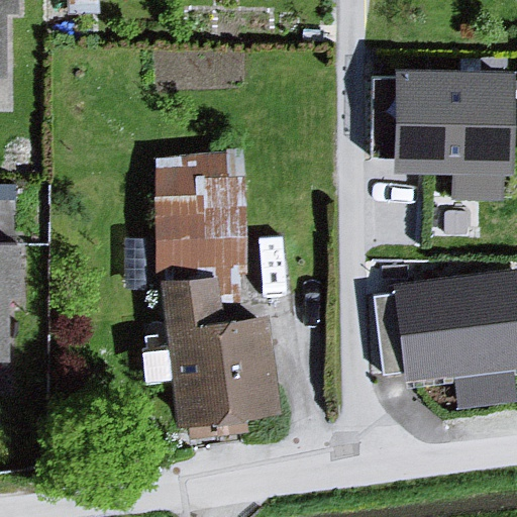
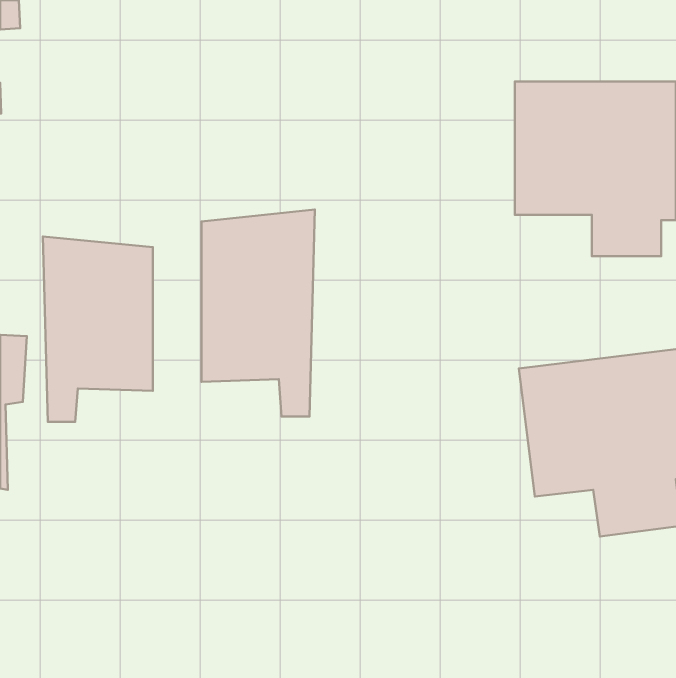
building: none -> [43,236,153,422]
building: [157,290,276,433] -> none

